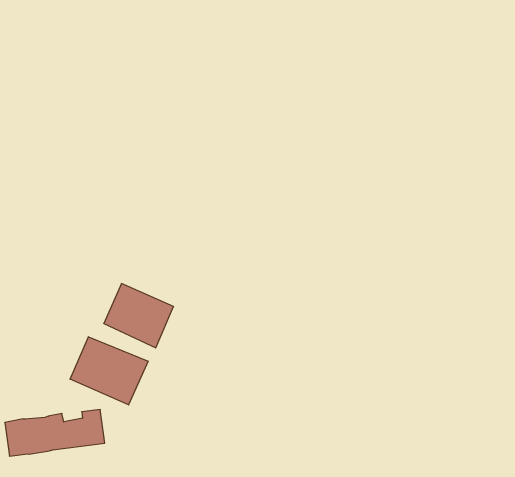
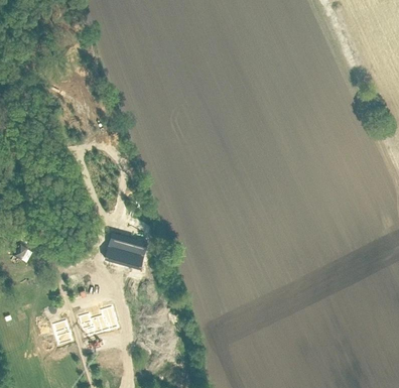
building: [70,337,148,405] -> none

